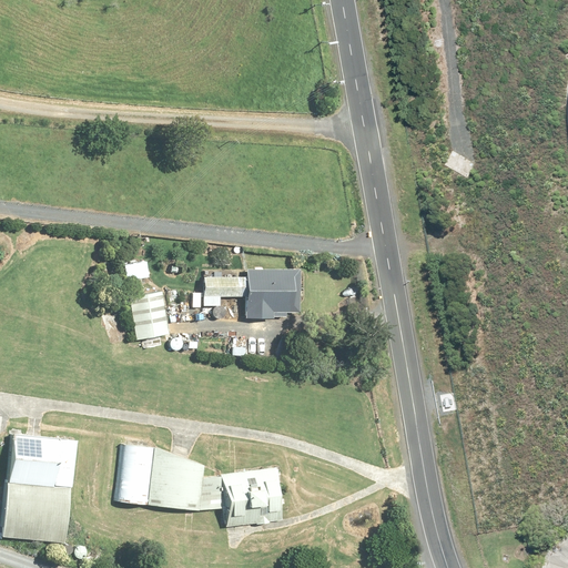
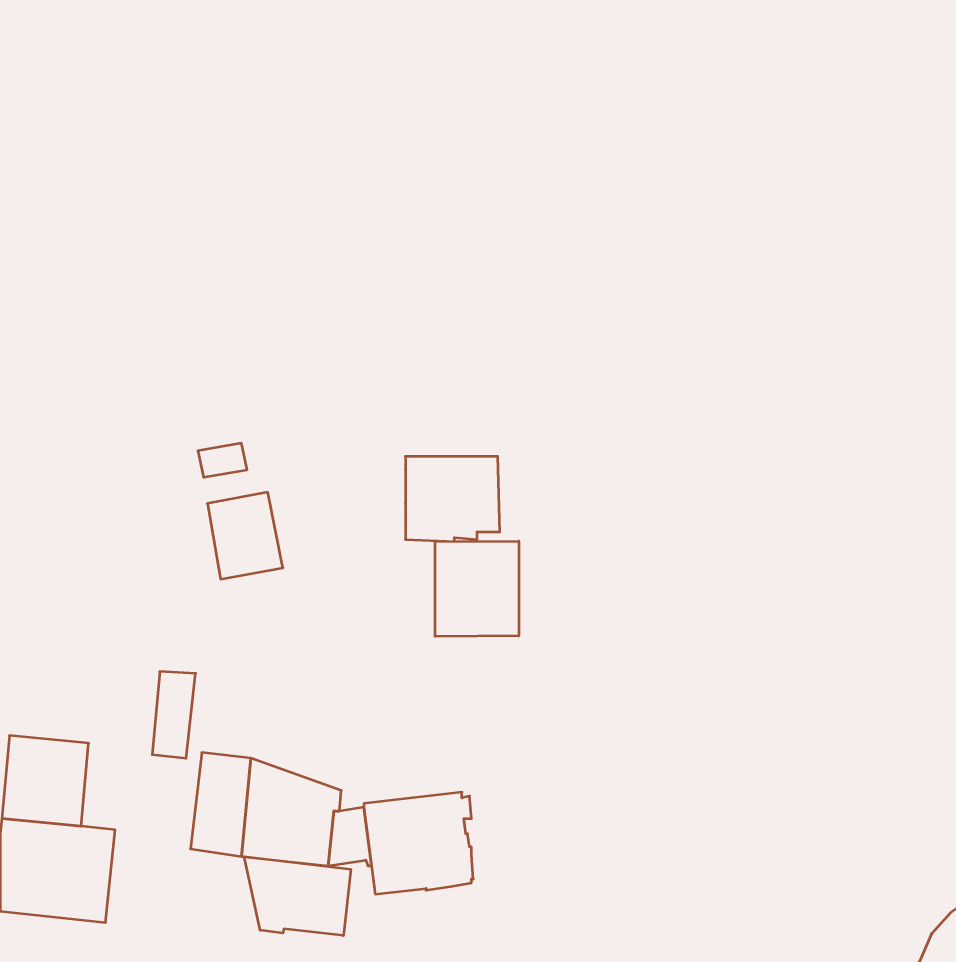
building: [201,277,243,307] -> none
building: none -> [435,541,519,636]
building: [52,438,78,489] -> [152,672,196,758]
building: none -> [244,857,351,936]

